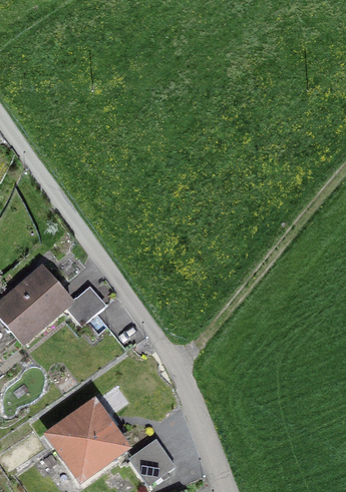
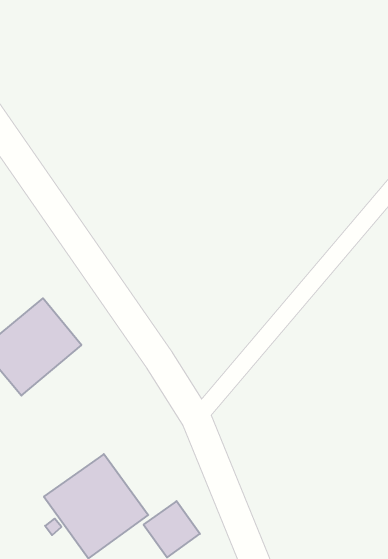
building: [69,287,107,327] -> none

